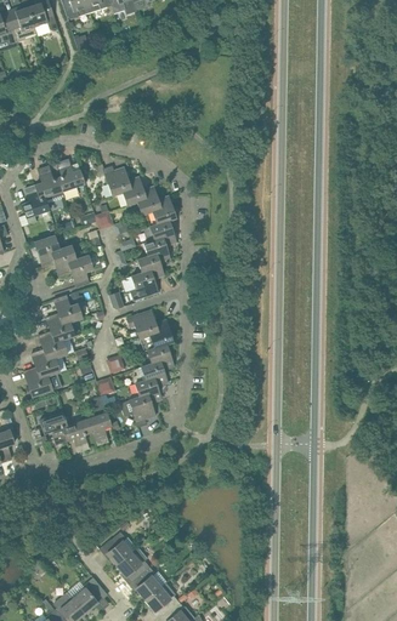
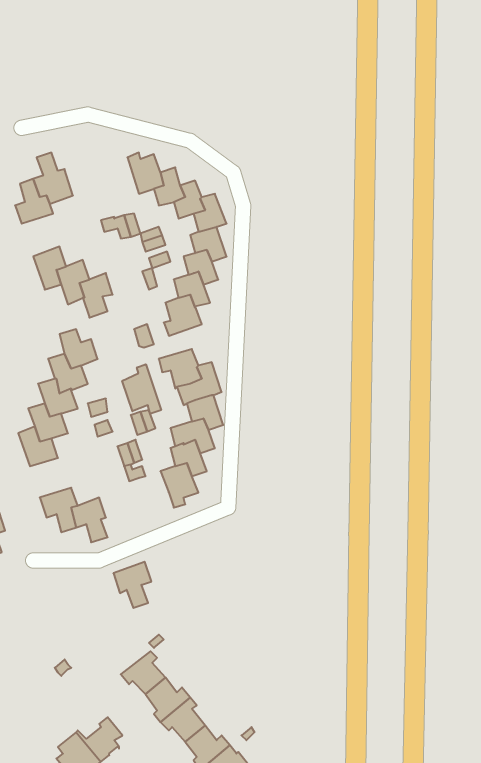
building: [58,158,85,196] -> none
building: none -> [122,364,161,414]
building: [84,410,112,444] -> [113,562,151,608]

